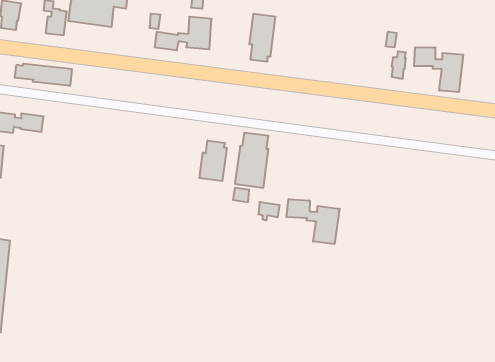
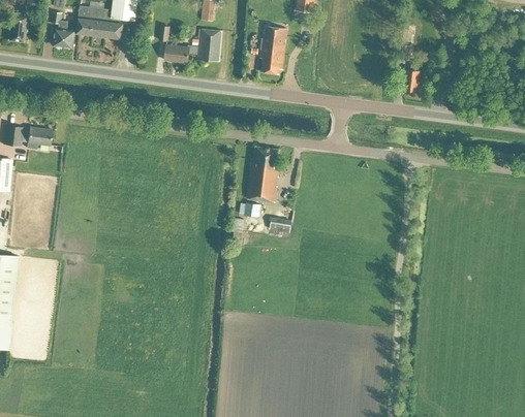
building: [414,47,463,92] -> none
building: [15,64,72,86] -> none
building: [200,140,227,181] -> none
building: [287,199,340,244] -> none

